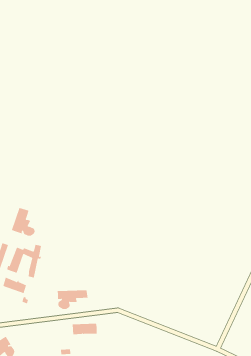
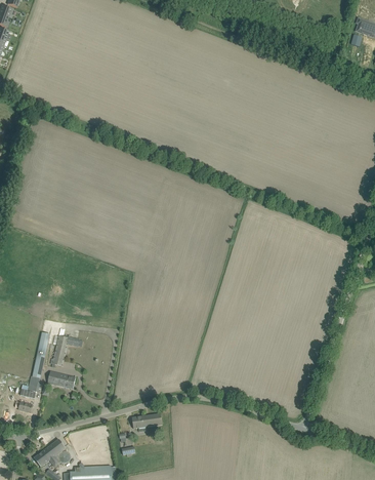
building: [11,207,36,236] -> none
building: [57,289,88,310] -> none

